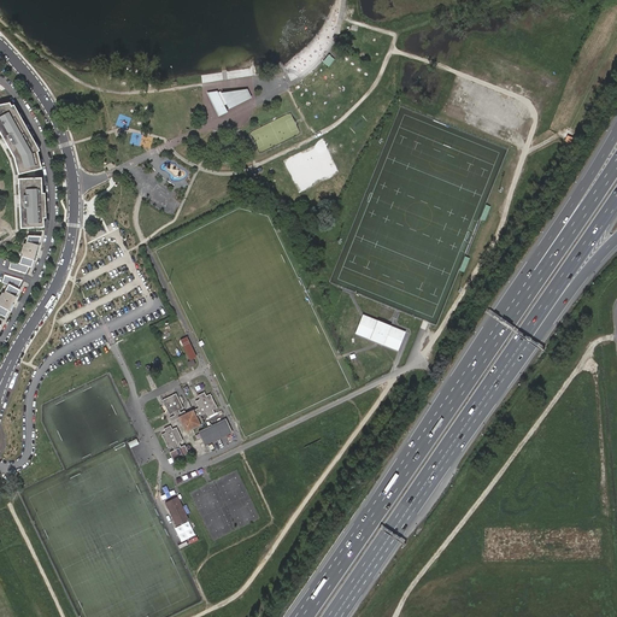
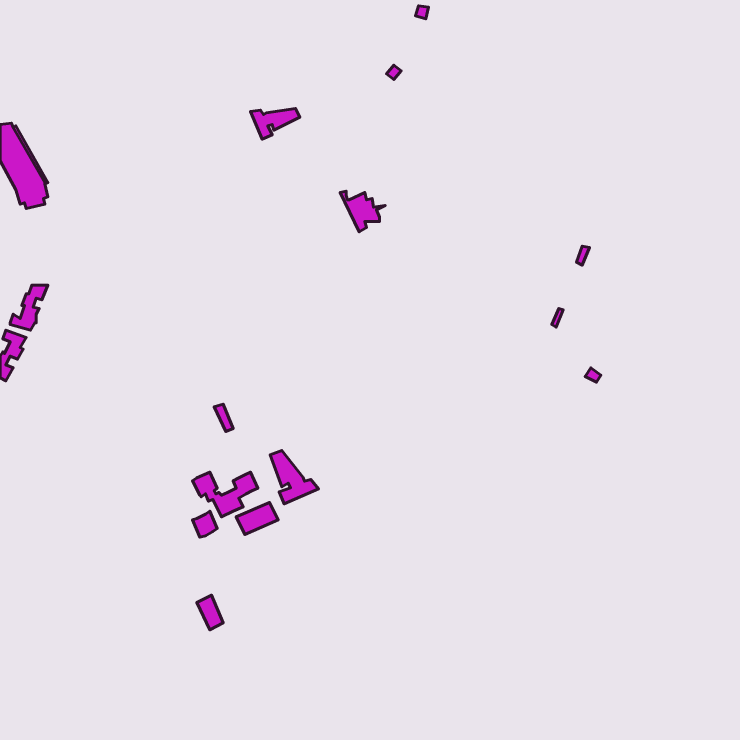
building: [18,178,43,229] -> none
building: [355,315,406,352] -> none
building: none -> [270,451,319,504]

